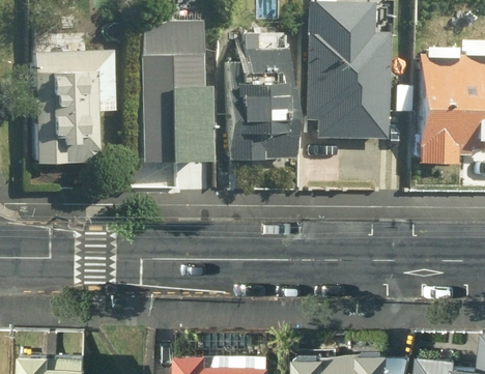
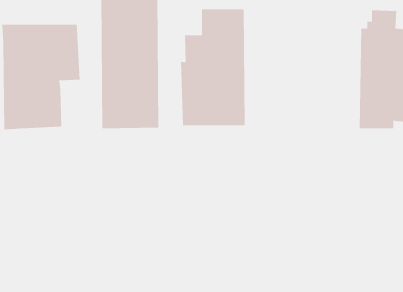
building: [308,31,391,139] -> none

